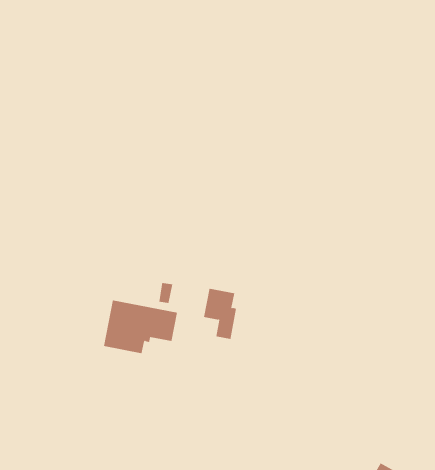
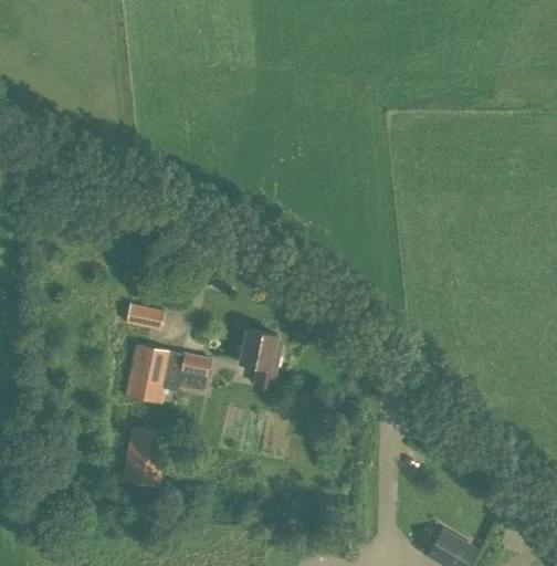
building: none -> [126,303,166,331]
building: none -> [122,424,170,486]

